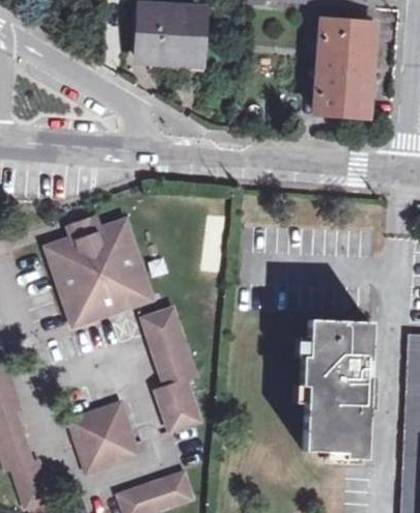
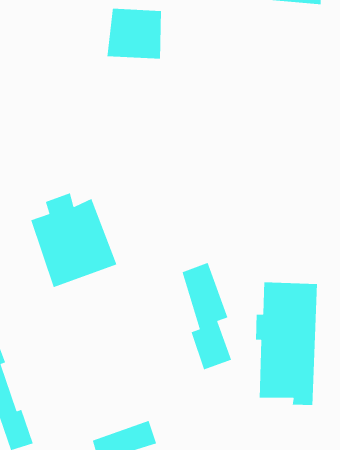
building: [318,15,375,111] -> none
building: [143,310,200,432] -> [181,262,232,370]
building: [65,401,137,474] -> none

